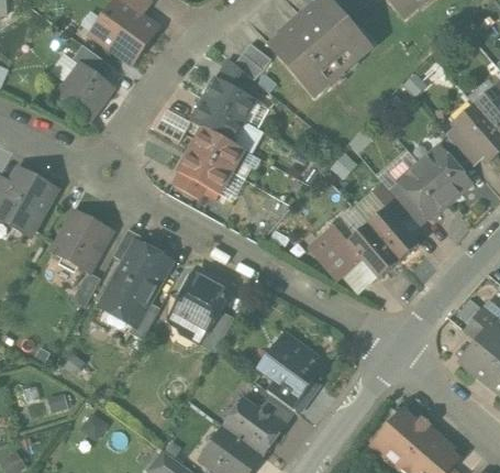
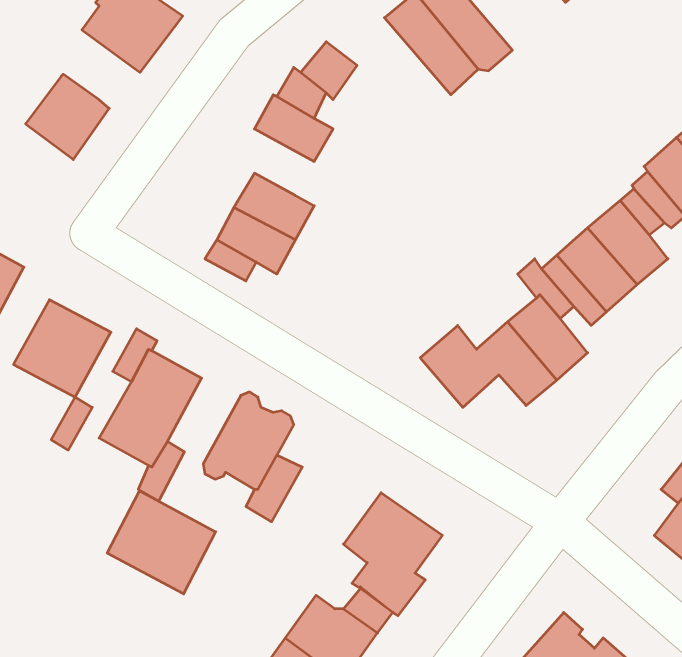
building: [271,28,331,96] -> none
building: [73,44,114,80] -> none
building: [192,99,243,142] -> none
building: none -> [107,491,216,594]

